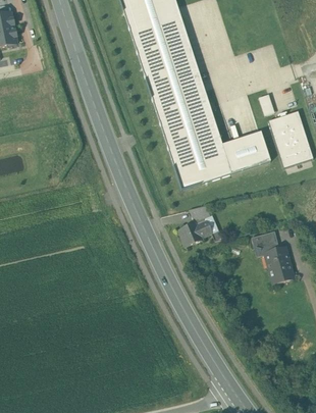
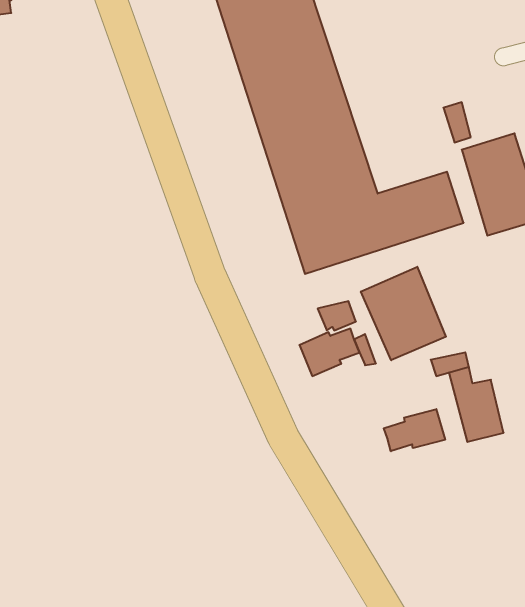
building: none -> [361,267,446,360]
building: none -> [384,409,445,451]

